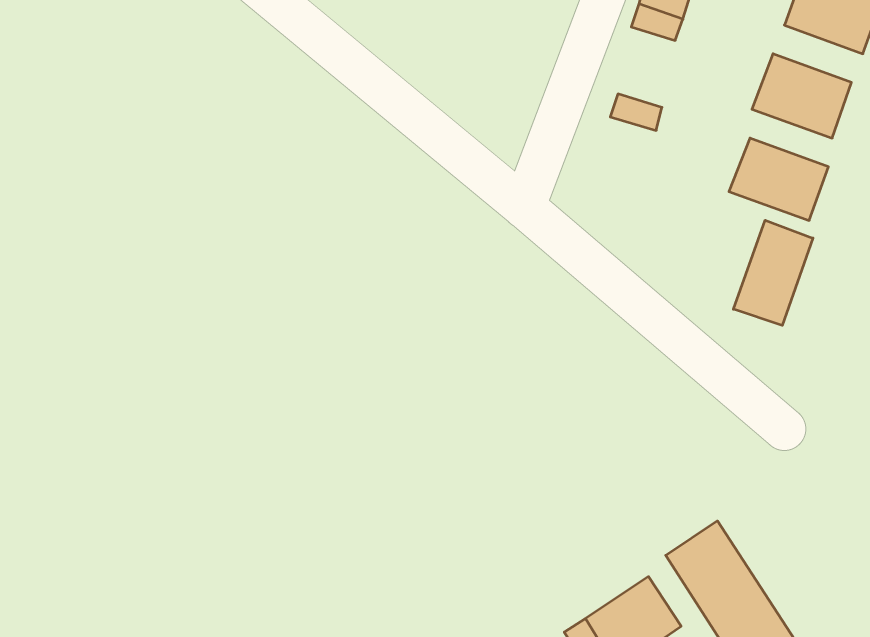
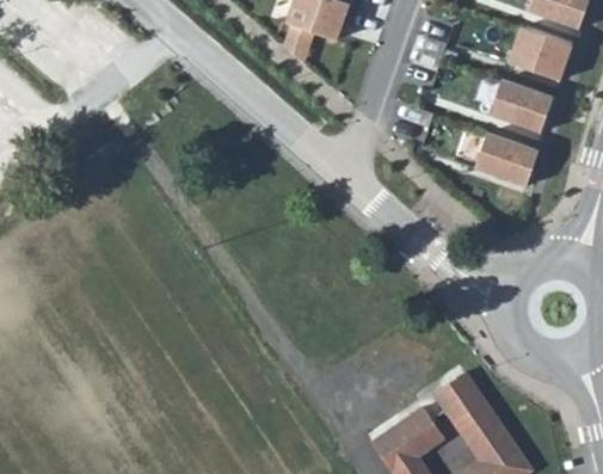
building: [733,220,813,325] -> none

